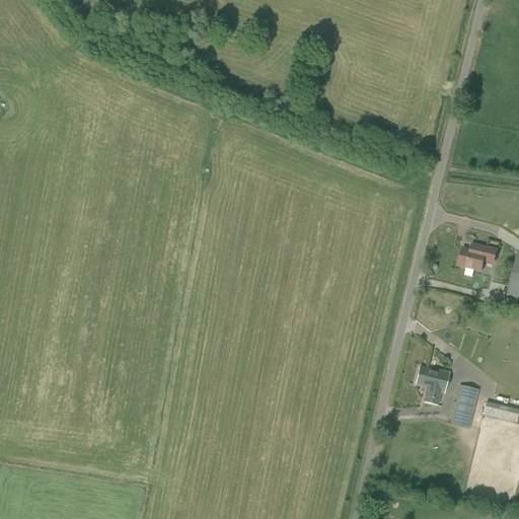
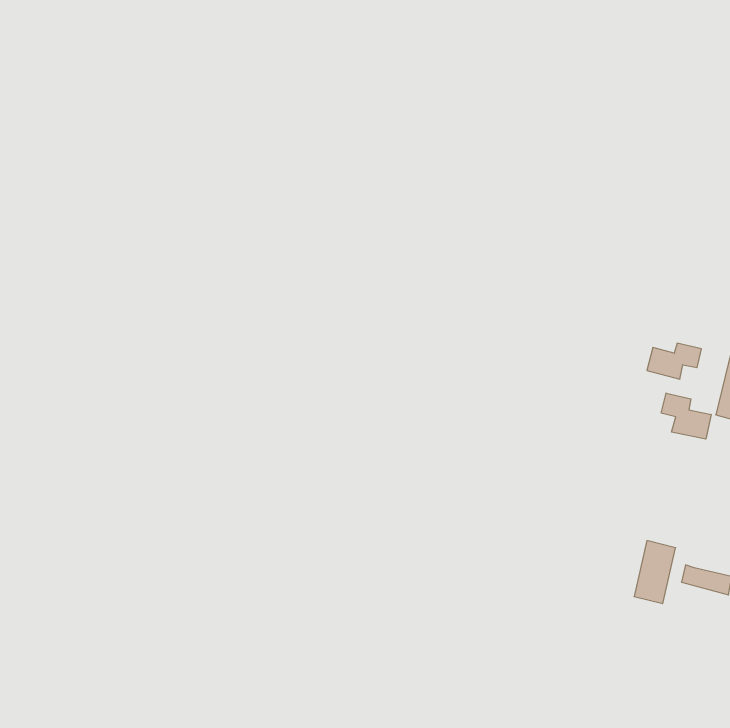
building: none -> [661,393,711,439]
building: [417,366,450,404] -> none

